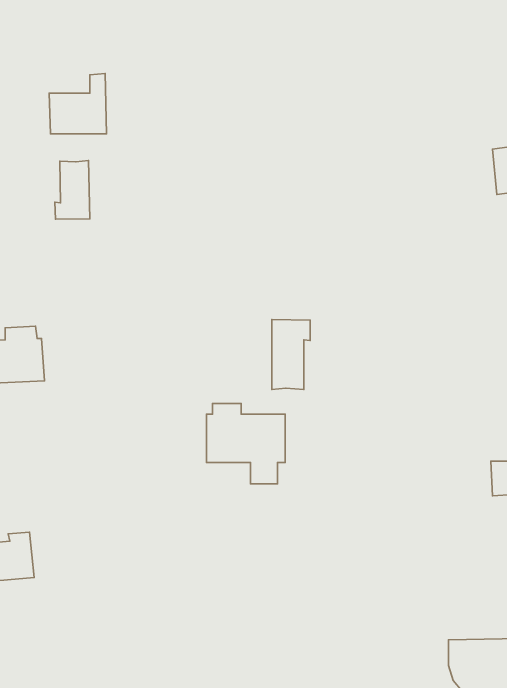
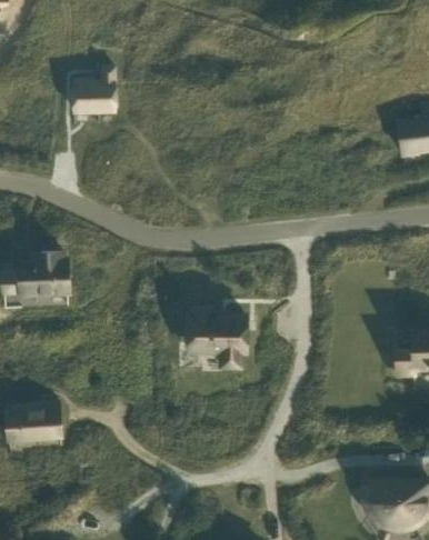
building: [55,160,90,219] -> none
building: [272,319,310,390] -> none

